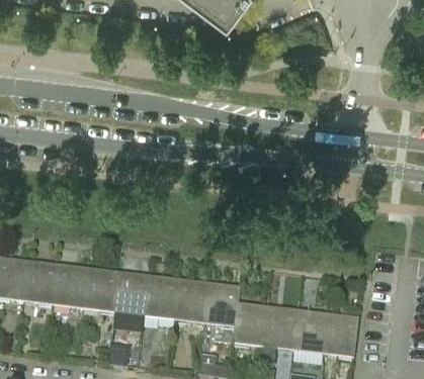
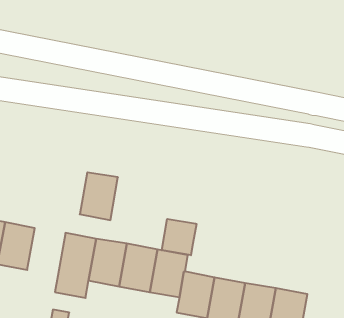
building: none -> [162,219,197,255]
building: [83,267,118,312] -> [80,172,118,220]

